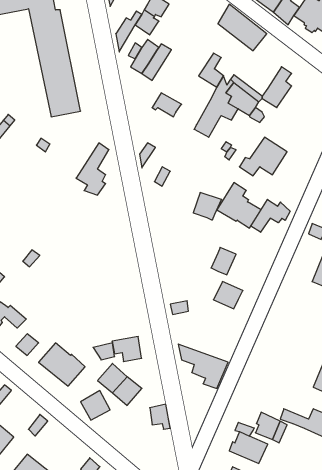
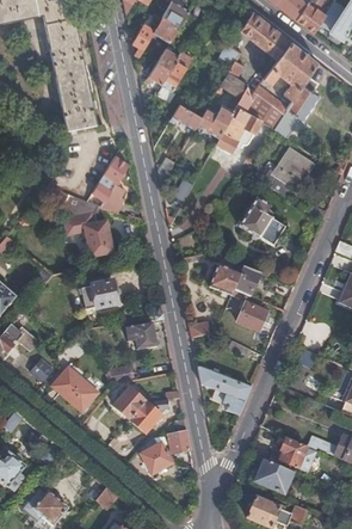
building: none -> [263,42,317,99]
building: none -> [196,105,231,137]
building: none -> [62,195,113,258]
building: [193,193,222,220] -> [210,265,240,294]
building: [251,199,290,232] -> none
building: none -> [82,281,117,310]
building: [112,337,142,362] -> [124,324,155,350]
building: [81,391,110,420] -> [140,443,171,474]

